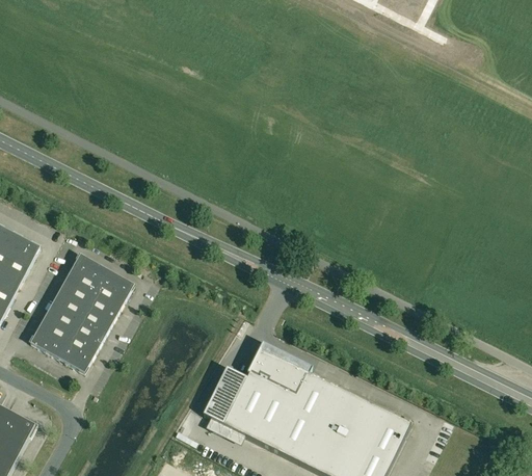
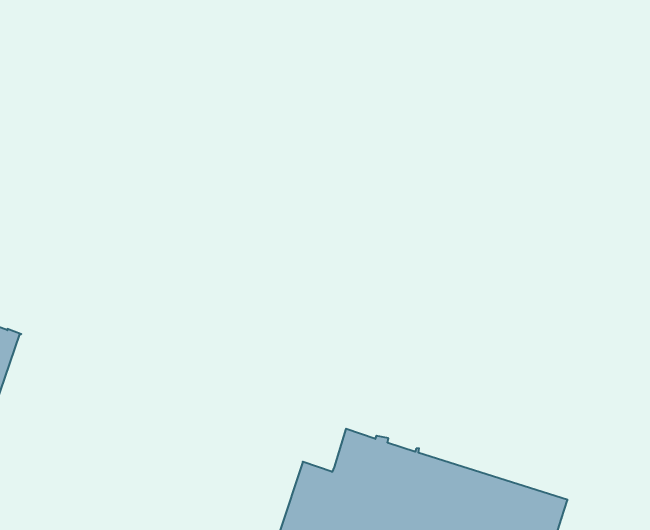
building: [30,253,134,371] -> none

